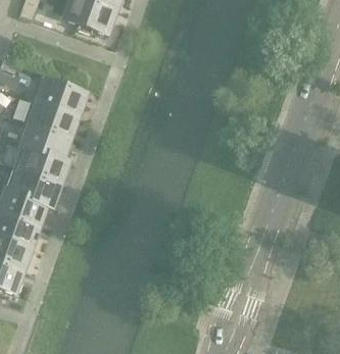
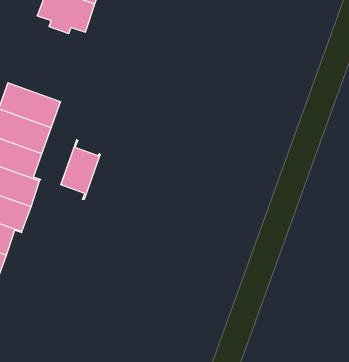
building: none -> [61,140,100,199]

